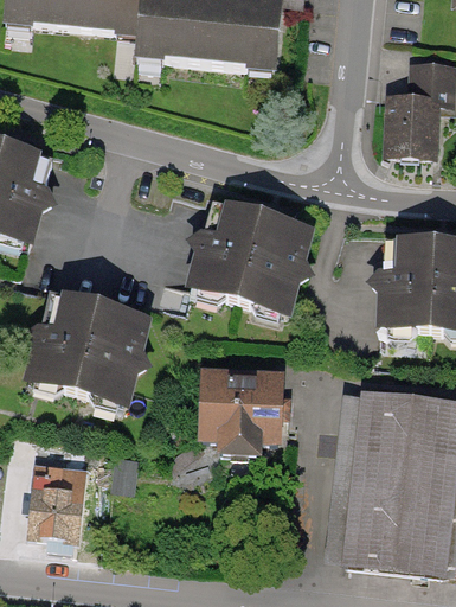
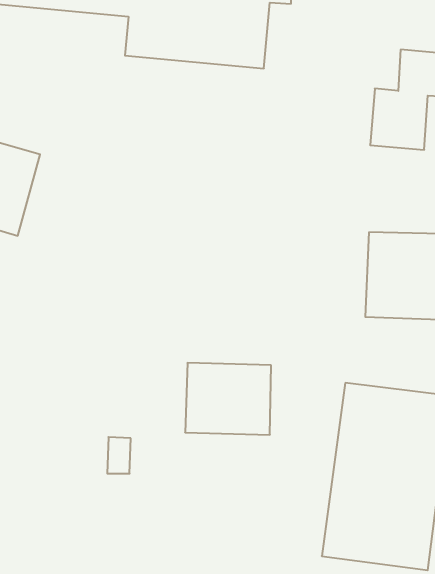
building: [190,205,310,313] -> none
building: [27,289,148,400] -> none
building: [26,447,110,543] -> none

